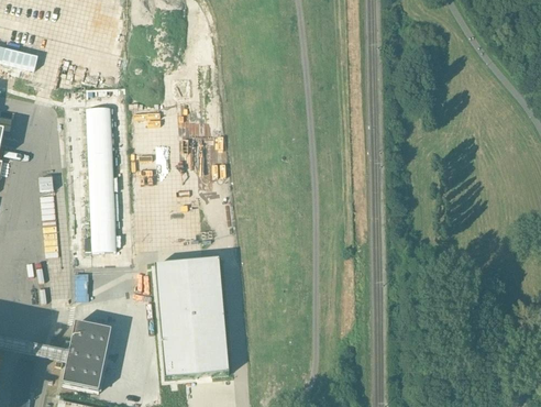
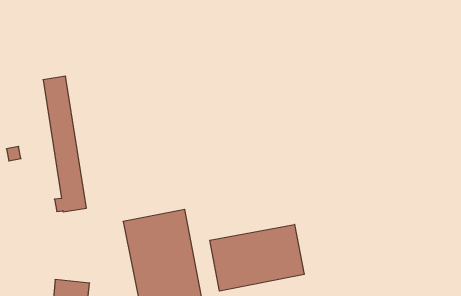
building: none -> [210,224,304,291]

